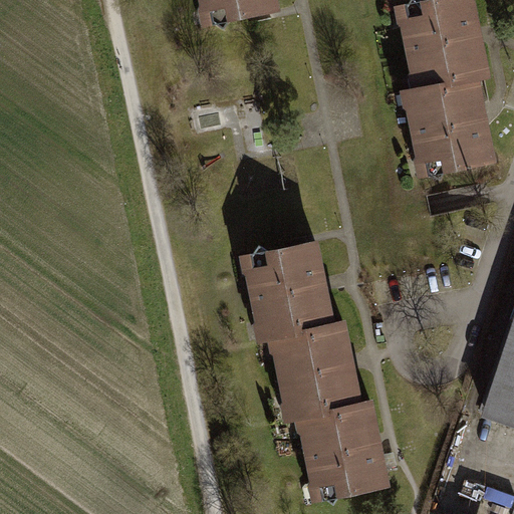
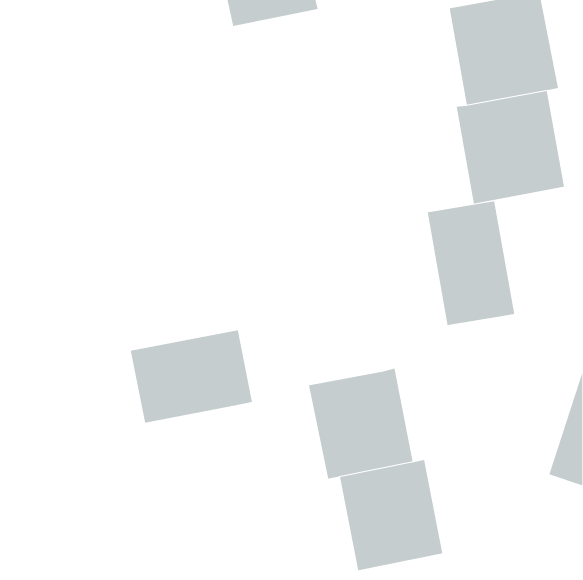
building: none -> [427,200,515,326]
building: [242,243,334,340] -> none
building: none -> [130,329,252,423]

